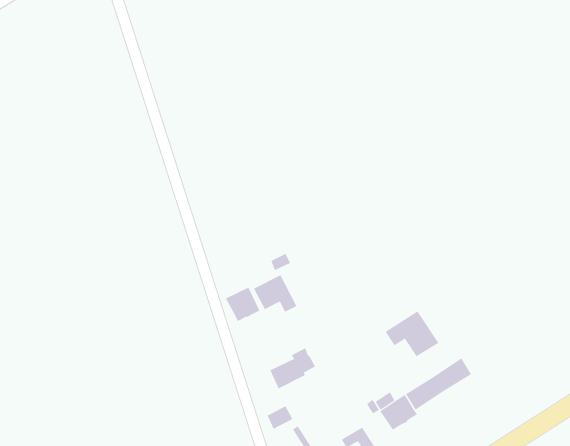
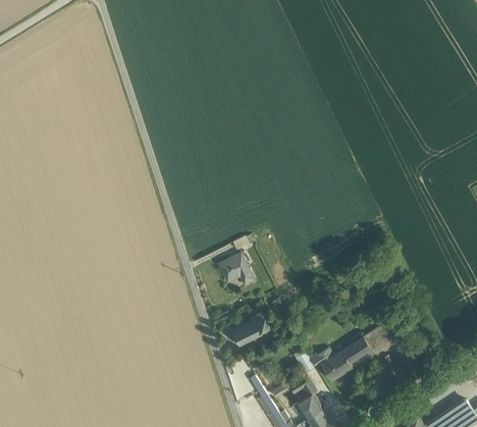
building: [225,286,260,322] -> none
building: [385,310,439,357] -> none

